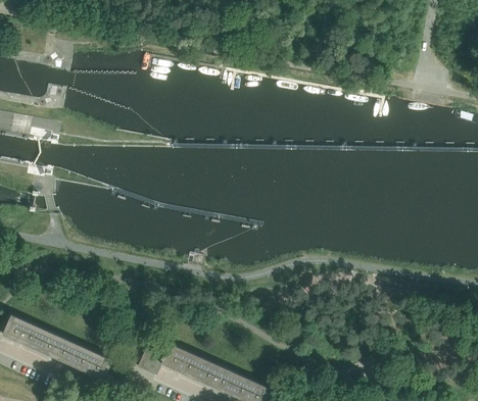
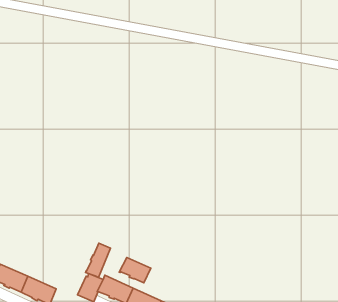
building: none -> [86,243,111,277]
building: none -> [119,257,151,283]

